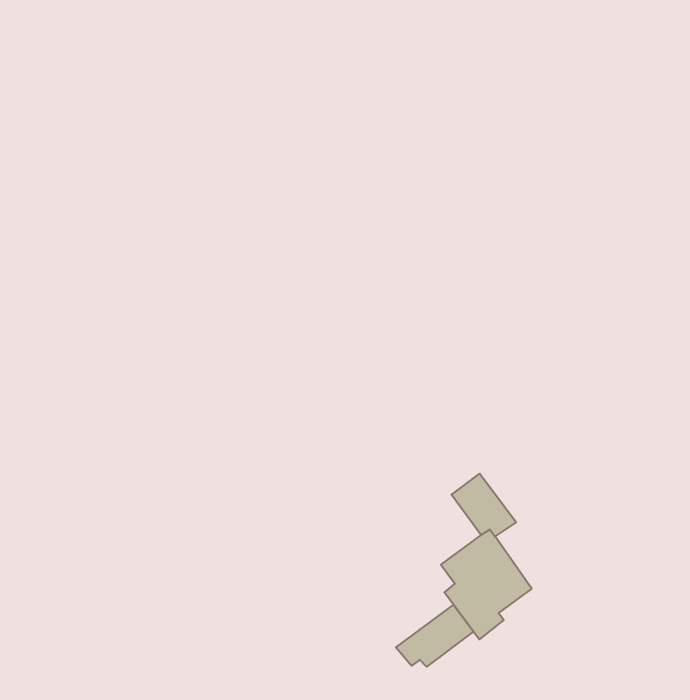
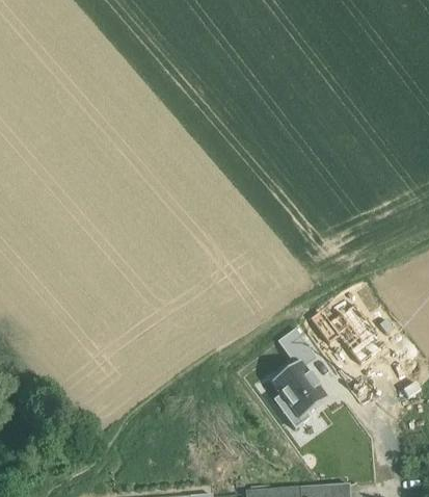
building: [396,605,474,667] -> none

